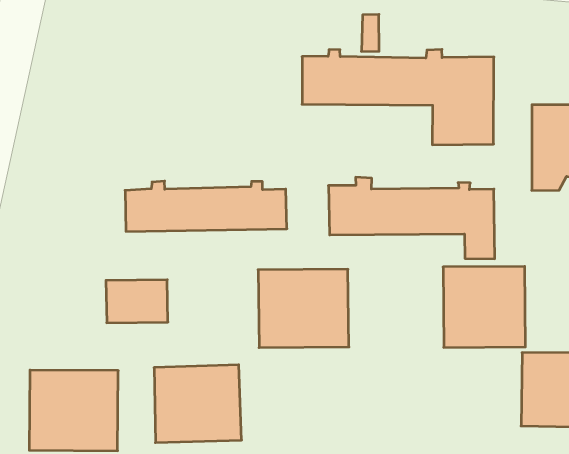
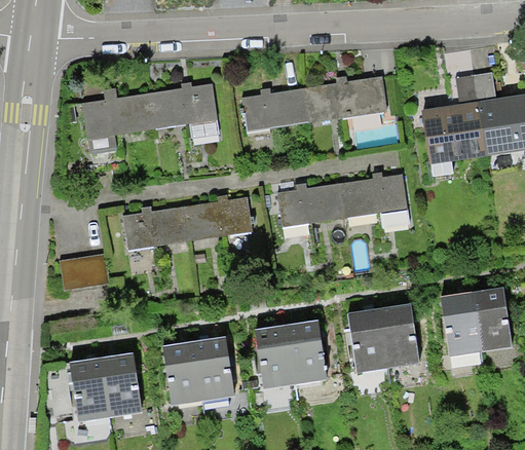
building: none -> [79,83,221,160]
building: [443,266,525,347] -> [347,304,418,374]
building: [258,269,349,348] -> [251,318,328,387]
building: [106,280,168,323] -> [60,252,111,291]

